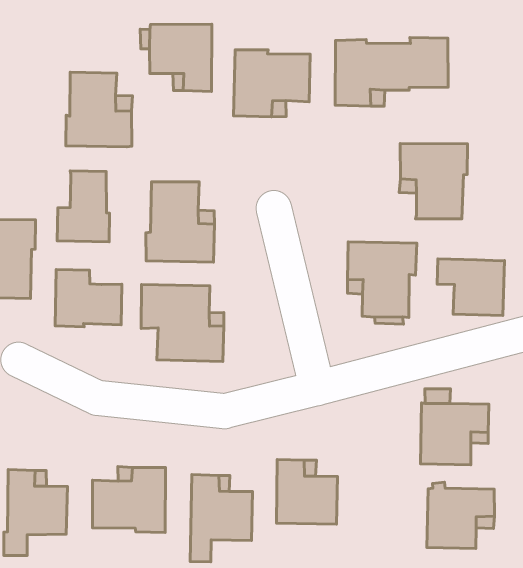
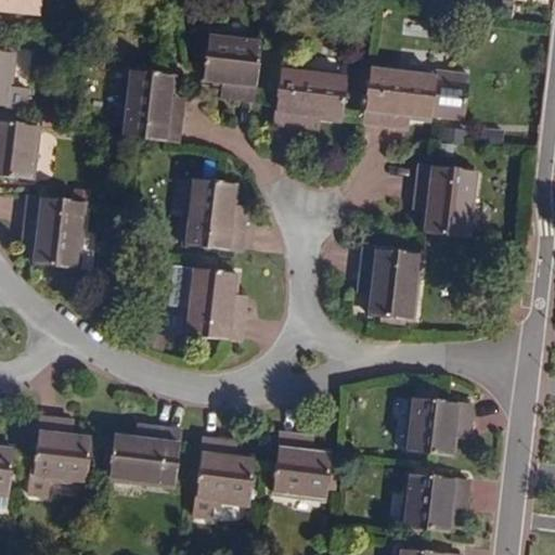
building: [57,171,109,242] -> none
building: [437,259,505,315] -> none
building: [55,270,122,327] -> none

